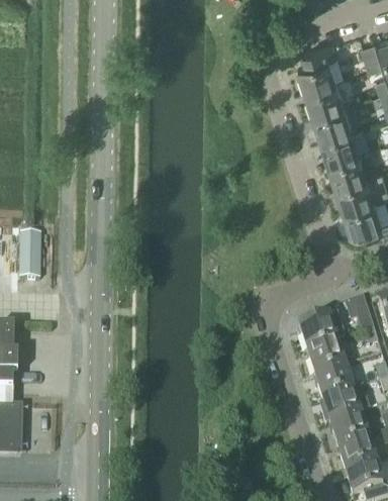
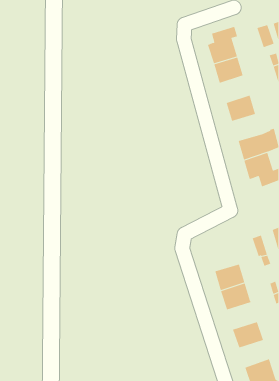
building: [312,103,351,137] -> none
building: [327,146,375,185] -> none
building: [297,310,344,347] -> none
building: [320,382,369,420] -> none
building: [336,433,375,468] -> none

